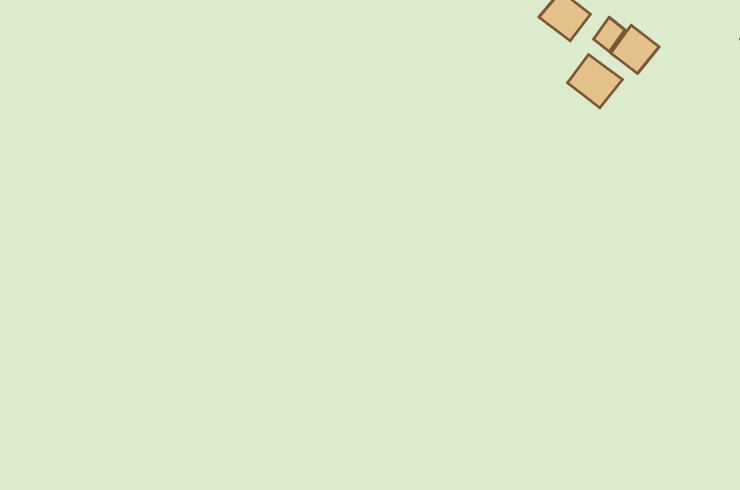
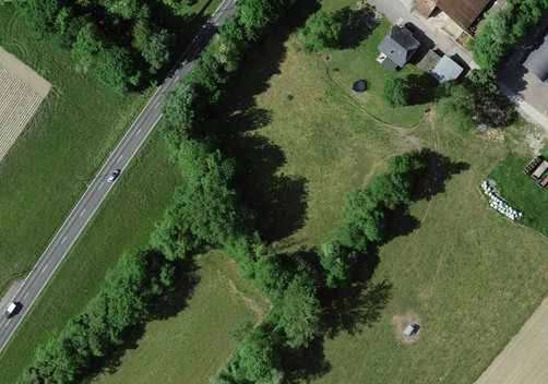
building: [568,54,623,108] -> none

